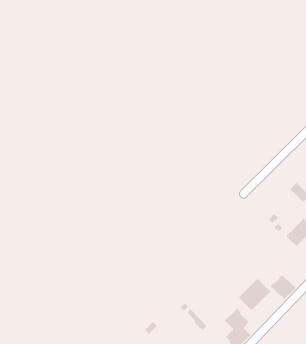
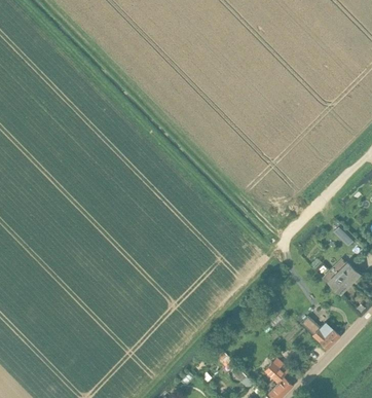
building: [238,278,272,311] -> none

